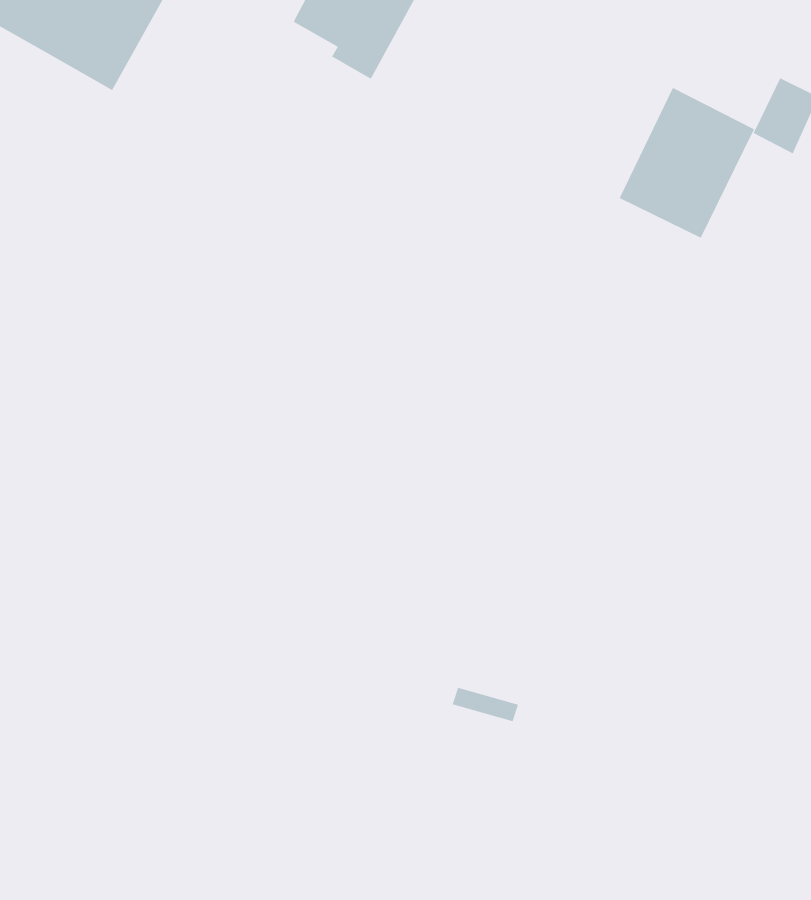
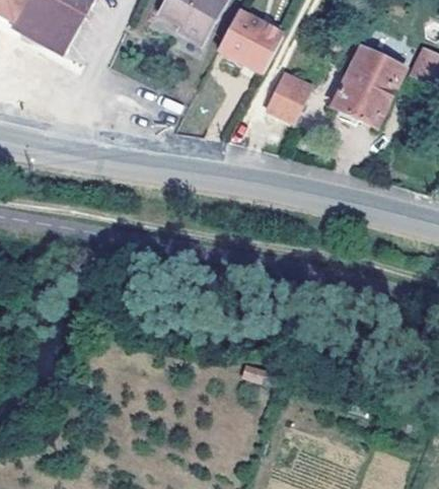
building: none -> [218,9,282,72]
building: none -> [265,69,314,119]

